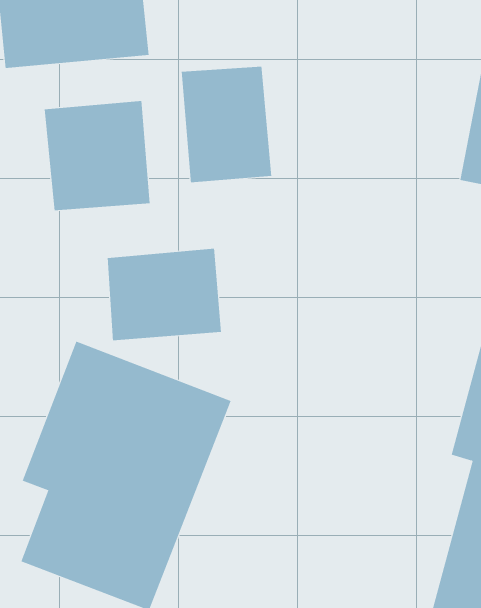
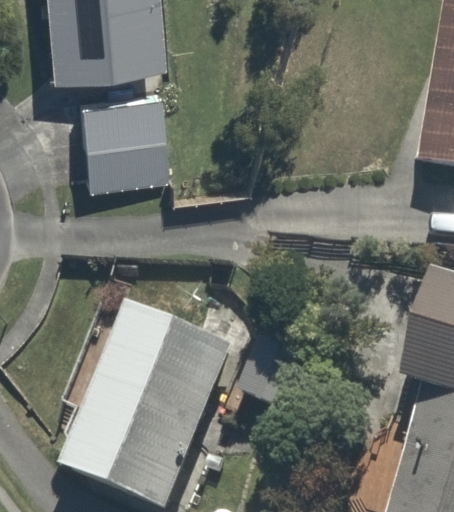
building: [181,66,272,183] -> none
building: [107,248,221,341] -> none

